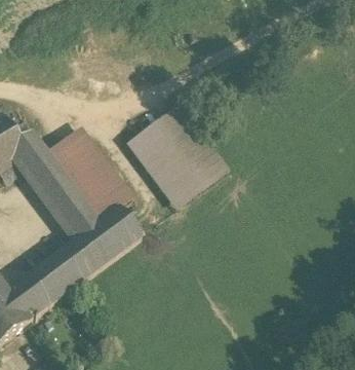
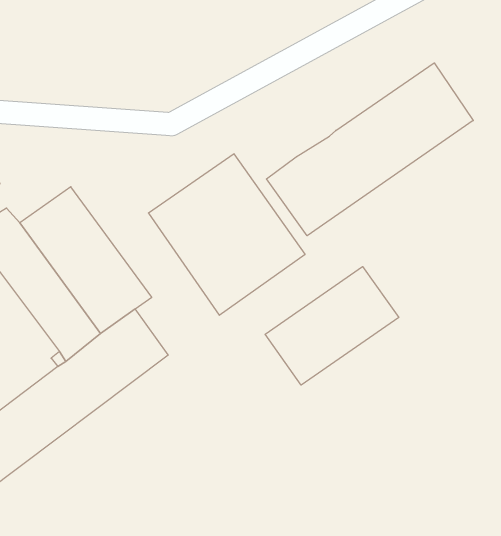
building: none -> [266,63,473,236]
building: none -> [265,267,399,385]

